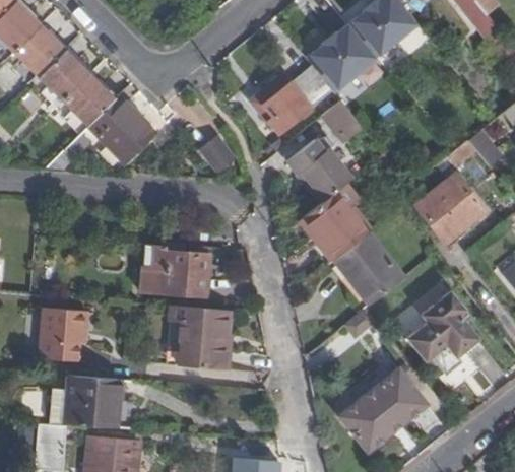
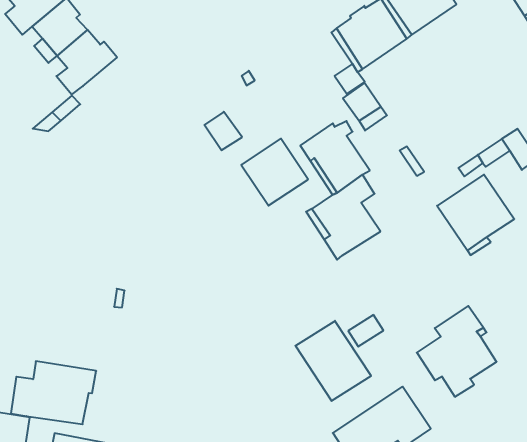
building: [251,73,312,134] -> [241,139,308,206]
building: [89,95,154,161] -> none
building: [334,231,404,304] -> [295,321,371,401]
building: [141,243,209,295] -> none
building: [167,305,229,368] -> none
building: [39,308,86,361] -> none

